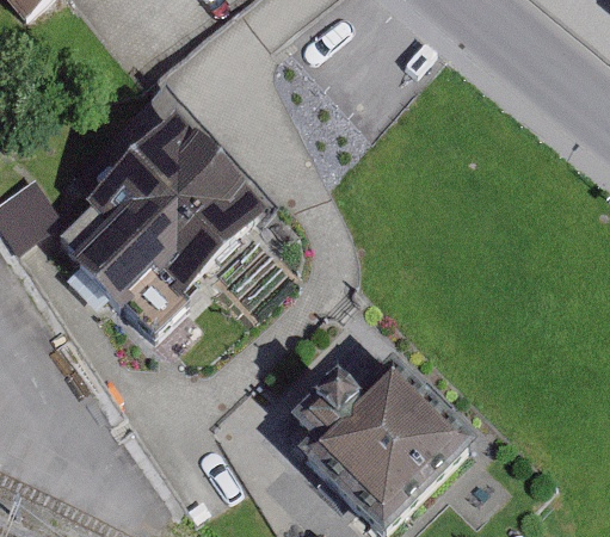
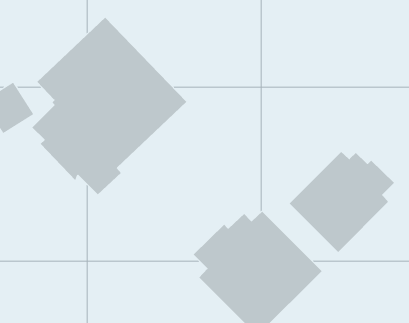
building: none -> [289,151,395,253]

